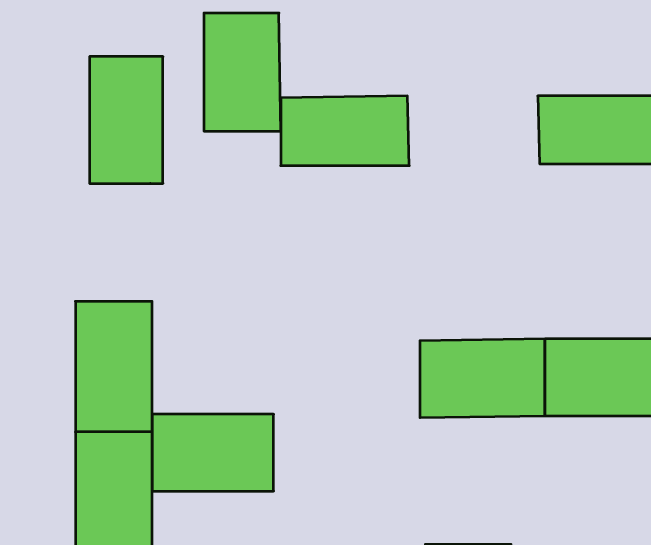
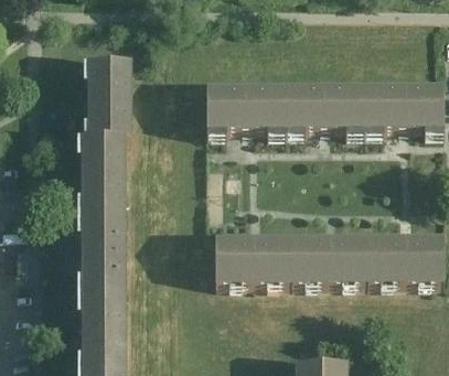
building: [204,13,281,131] -> [78,138,126,211]
building: none -> [284,84,365,127]
building: [152,414,274,491] -> [216,235,291,282]

